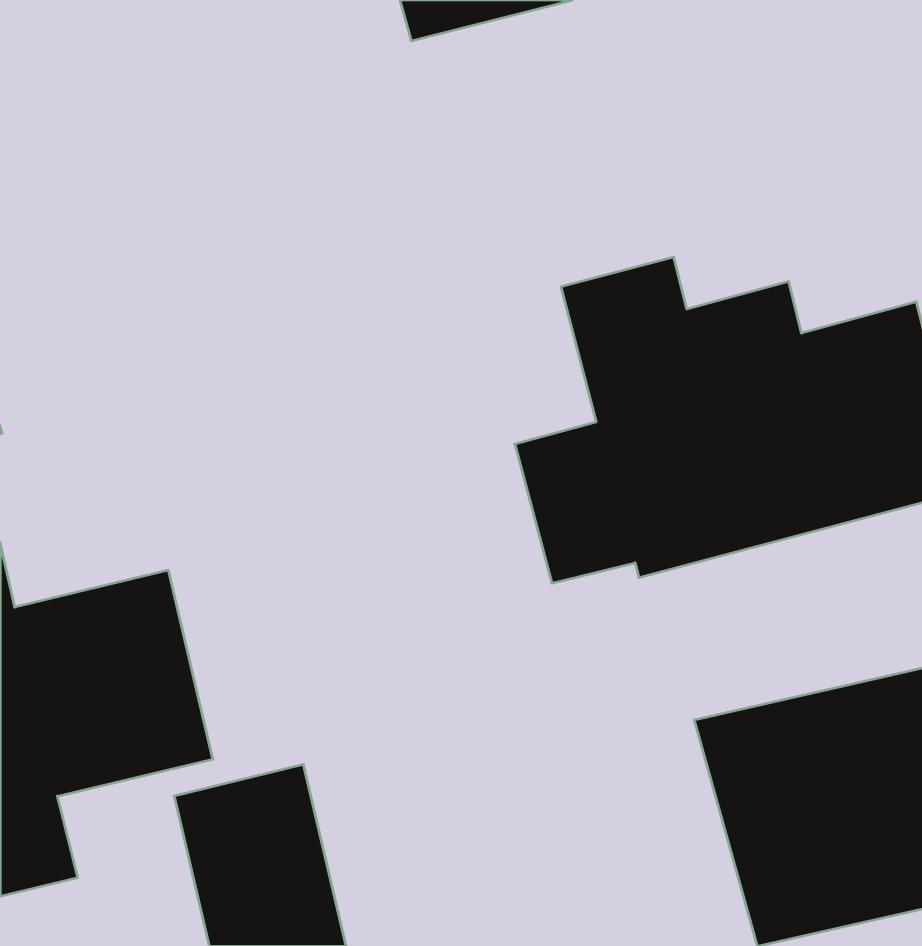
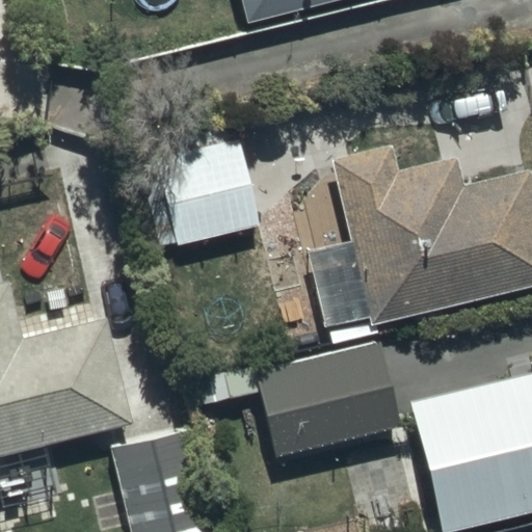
building: none -> [150,138,264,247]
building: none -> [247,340,402,457]

